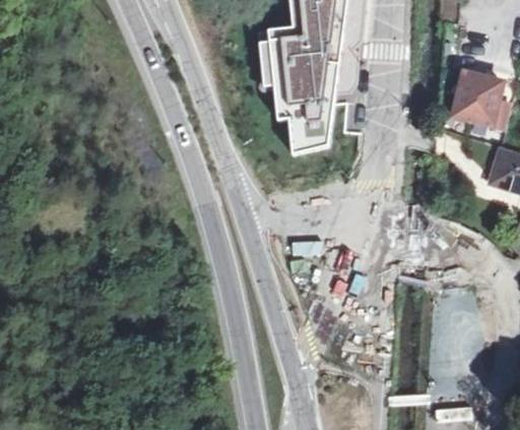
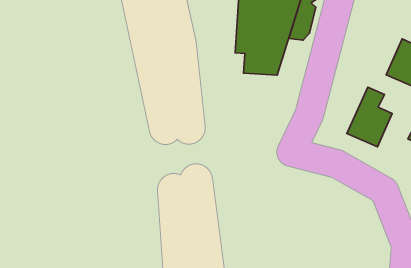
building: none -> [347,87,392,147]

